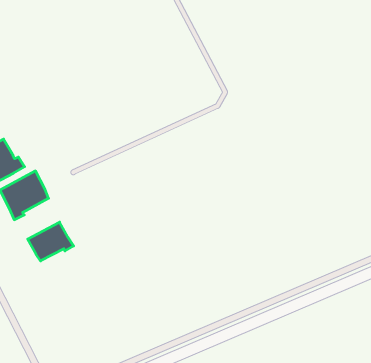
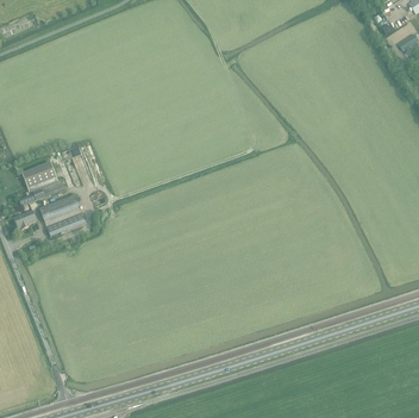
building: [28,222,74,261] -> none

